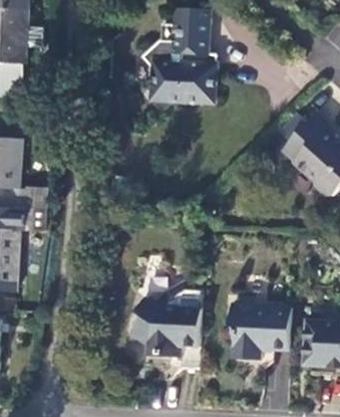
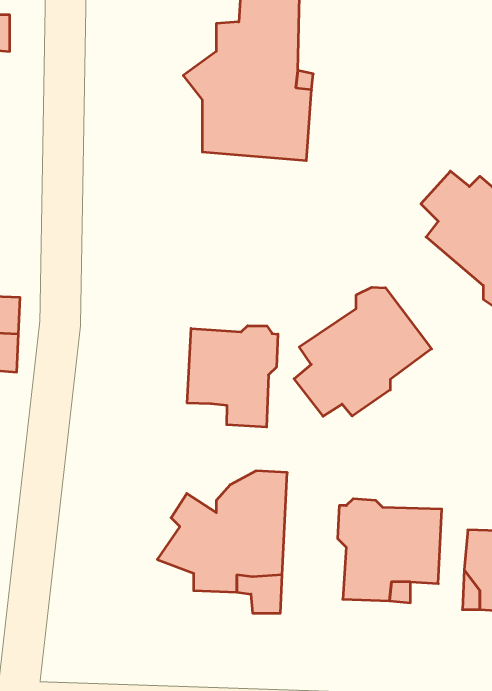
building: none -> [294,287,432,416]
building: none -> [187,326,278,427]

